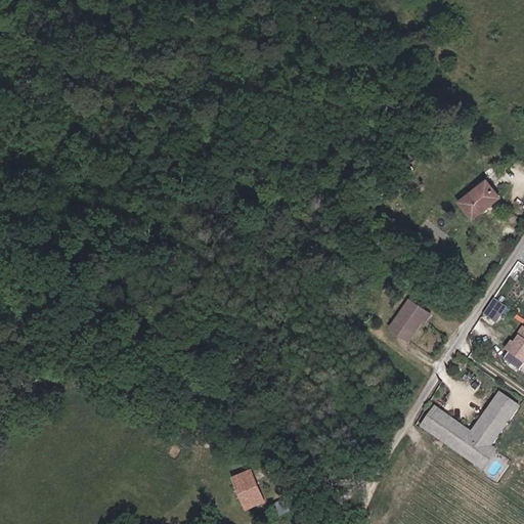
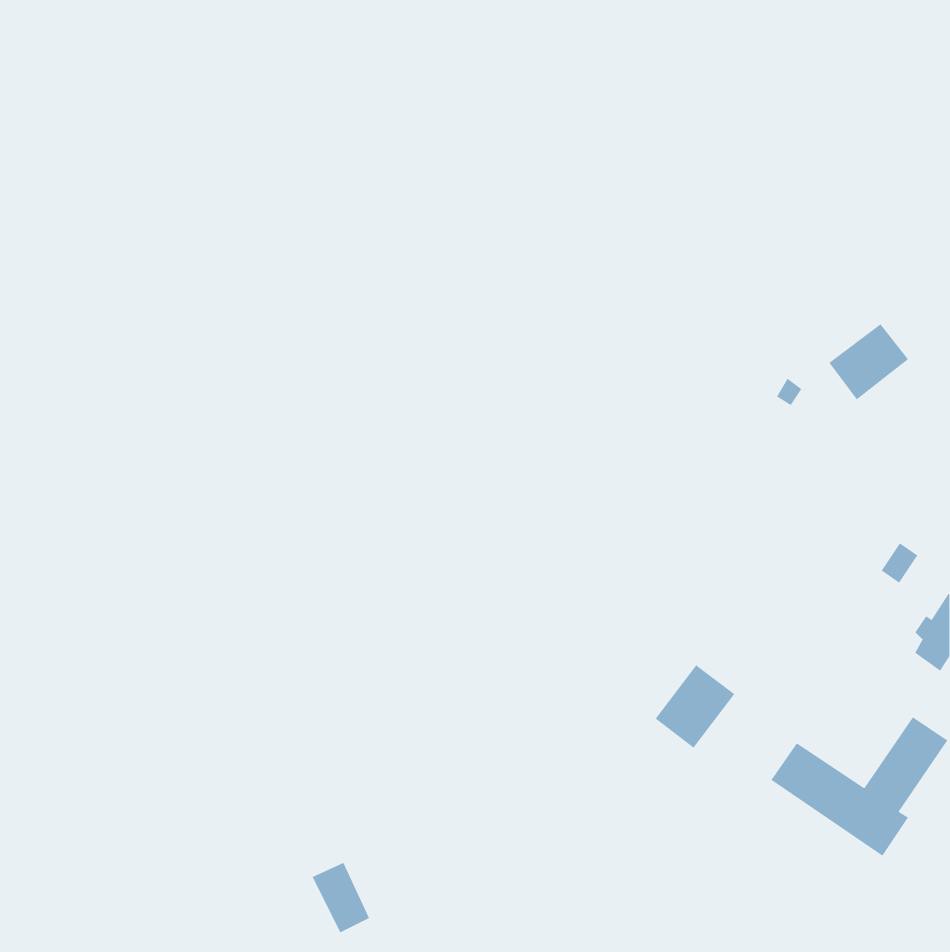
building: [384,297,428,343] -> [655,664,735,749]
building: [233,467,265,506] -> [312,862,370,933]

